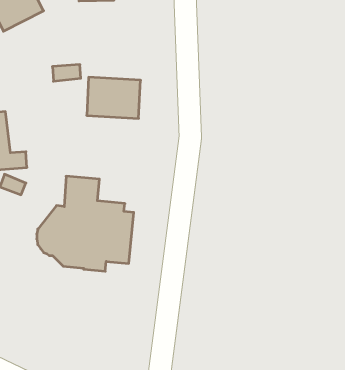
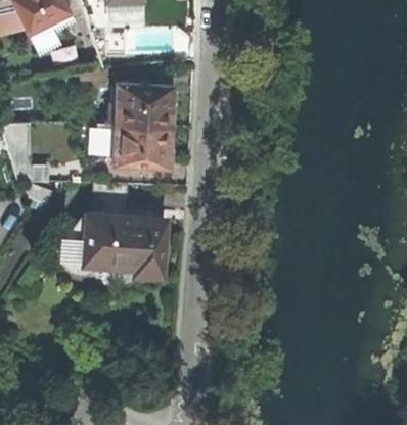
building: none -> [84,122,171,167]

